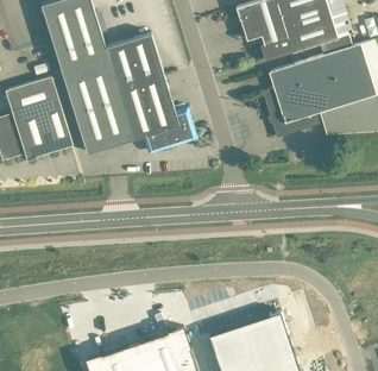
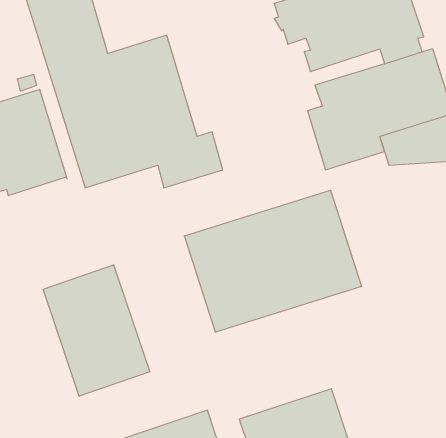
building: none -> [184,190,362,332]
building: none -> [43,265,150,396]

